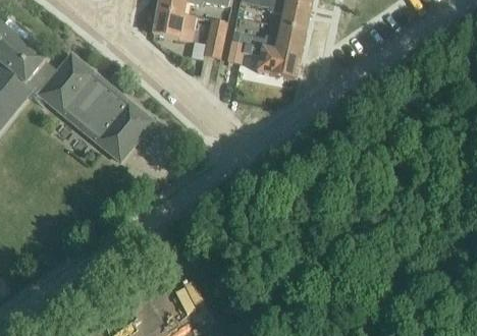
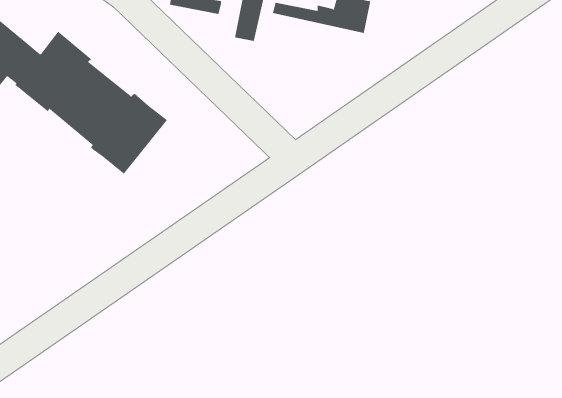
building: [227,40,301,78] -> none

